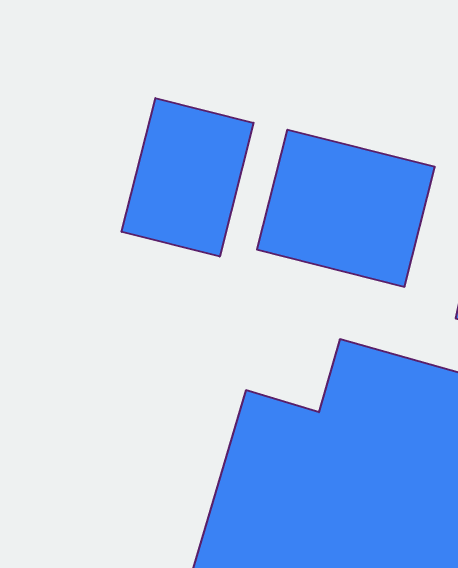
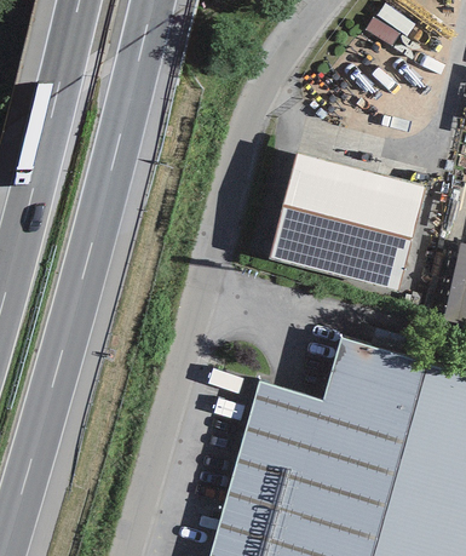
building: [122,98,254,257] -> none

